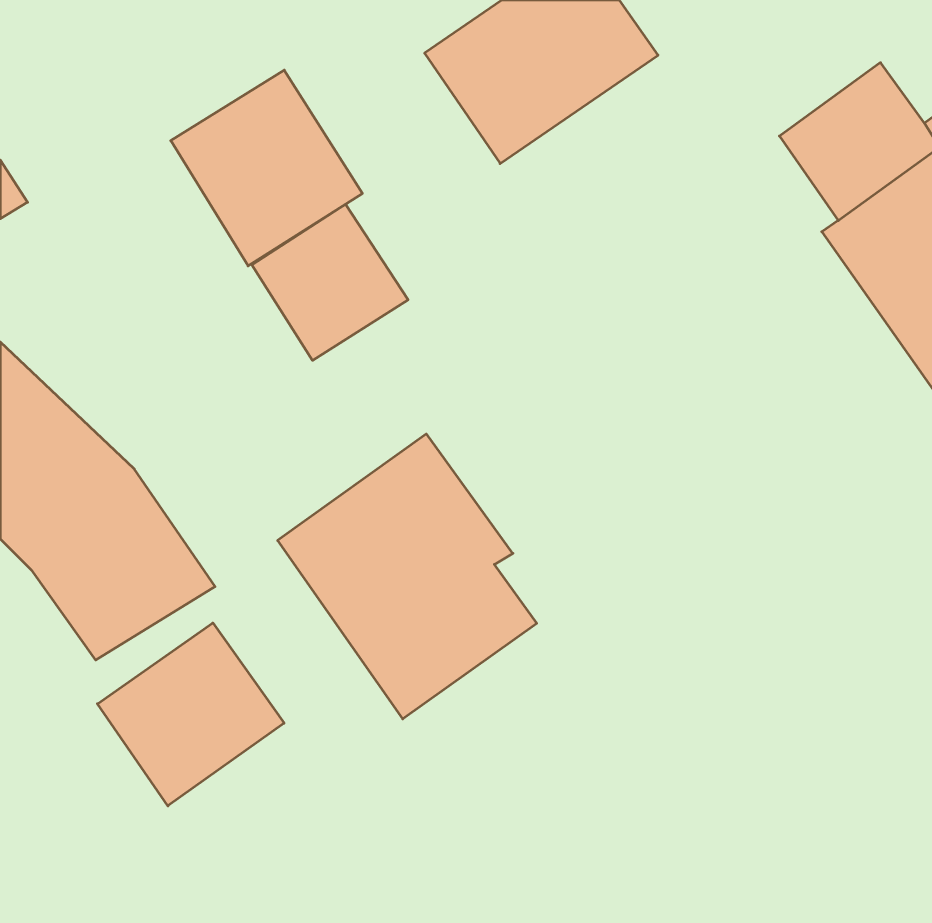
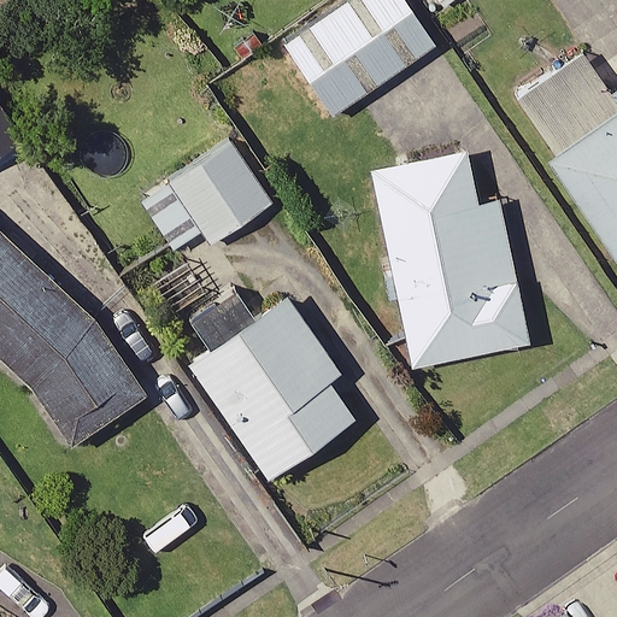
building: [171,70,362,266] -> none
building: none -> [366,149,530,368]
building: [97,623,284,806] -> none

